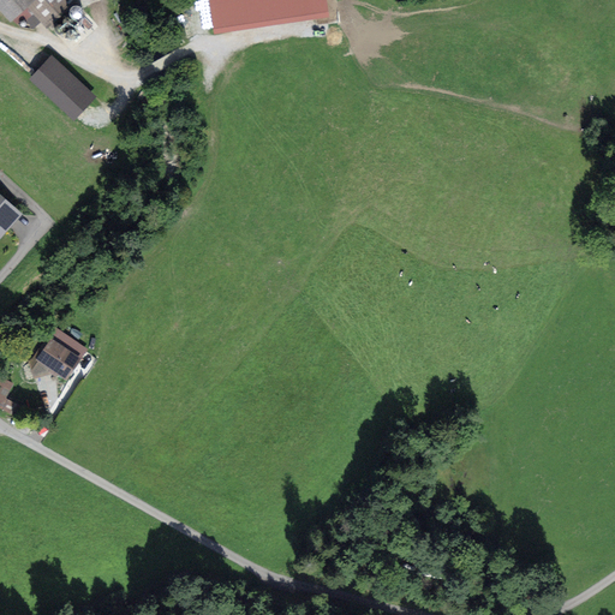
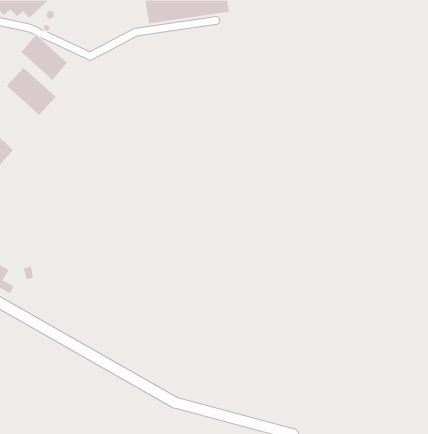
building: none -> [6,67,57,115]
building: [32,327,84,382] -> none

